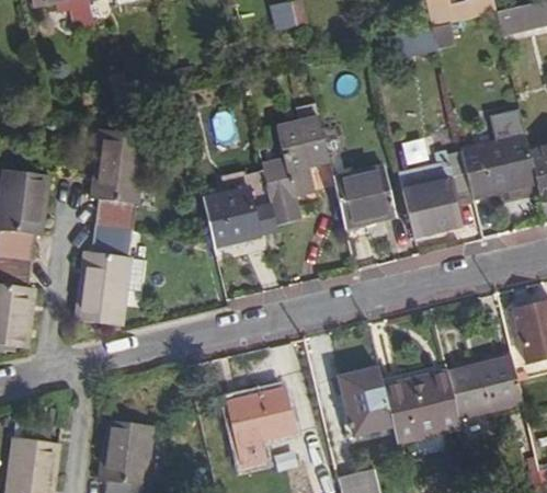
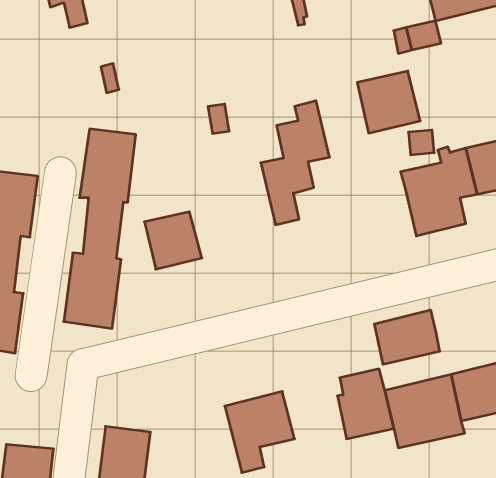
building: [334,167,396,227] -> [357,71,420,133]
building: [205,190,261,245] -> [144,212,202,269]
building: none -> [374,310,440,364]

